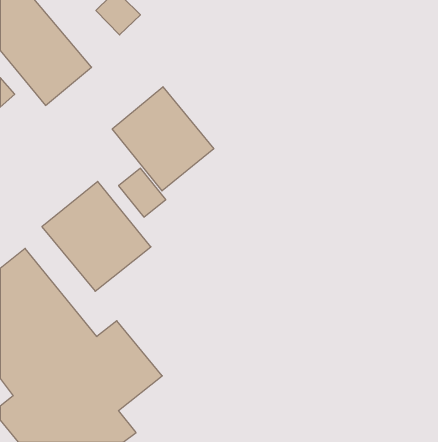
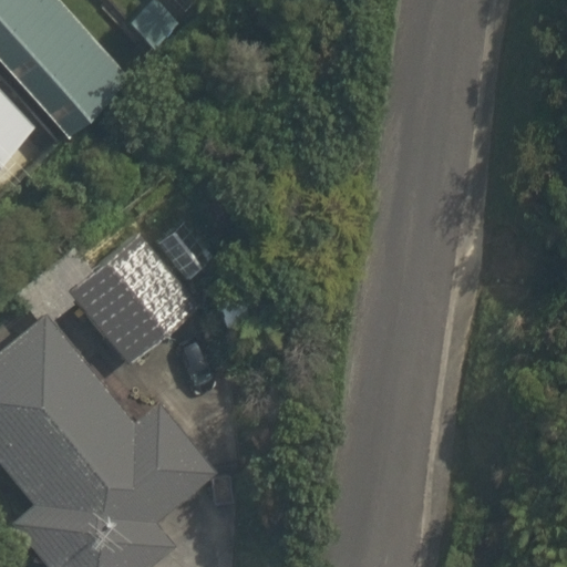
building: [112,87,214,191] -> none

